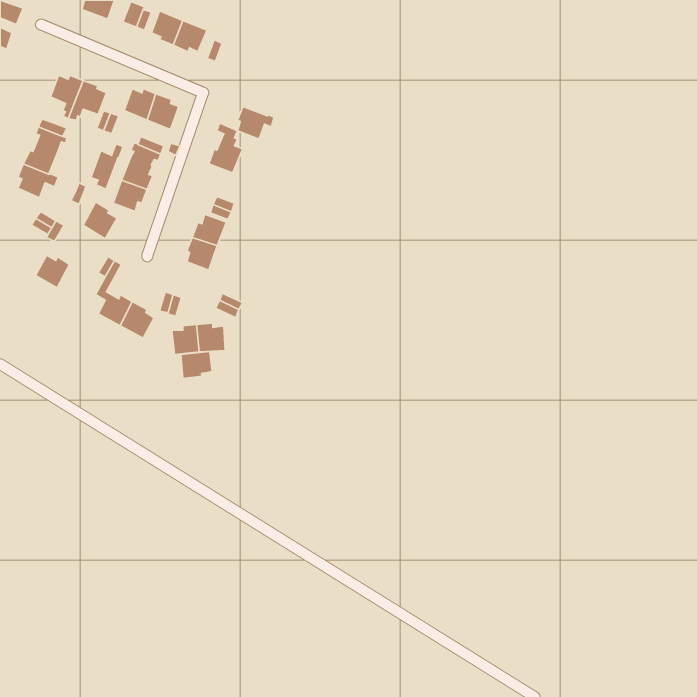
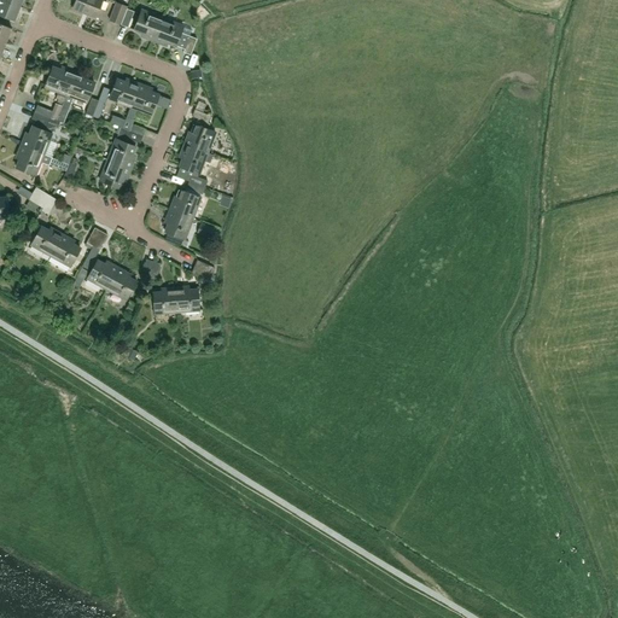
building: [237,106,274,139] -> [180,145,212,174]
building: [91,144,123,189] -> none
building: [83,202,117,239] -> [51,234,81,267]
building: [181,351,212,378] -> none

